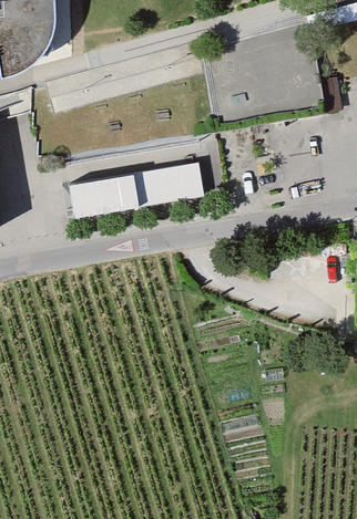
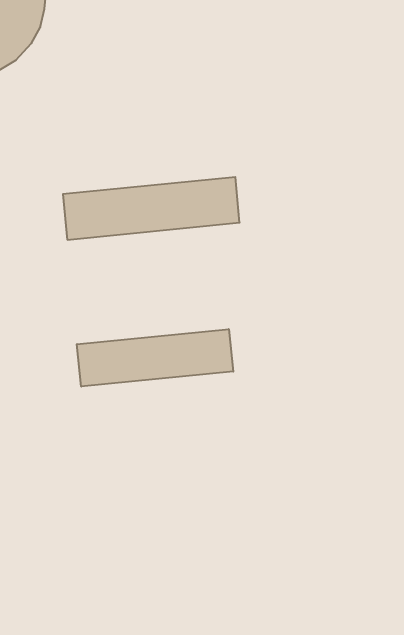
building: none -> [77,329,233,387]

